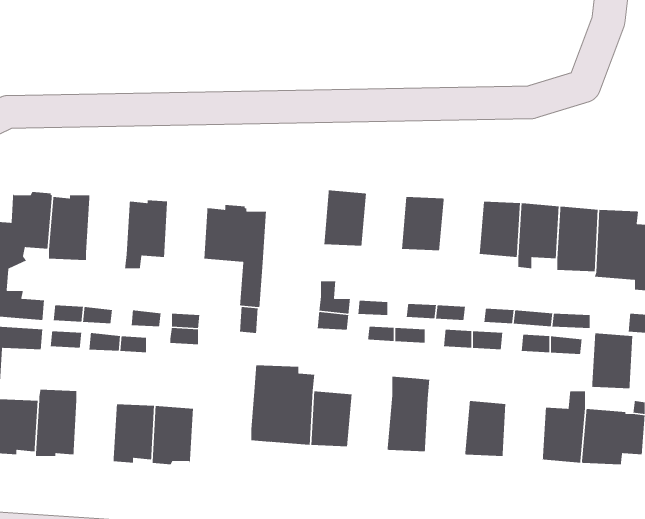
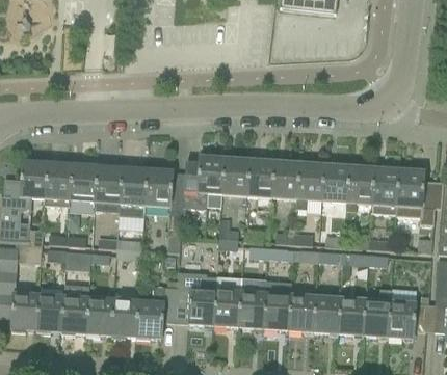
building: none -> [184,157,226,209]
building: none -> [247,160,275,198]
building: none -> [70,164,98,213]
building: none -> [297,164,325,209]
building: none -> [120,167,148,217]
building: [591,332,633,391] -> [338,297,365,334]
building: none -> [62,285,90,333]
building: none -> [137,286,178,339]
building: none -> [238,291,266,328]
building: none -> [288,294,316,331]

